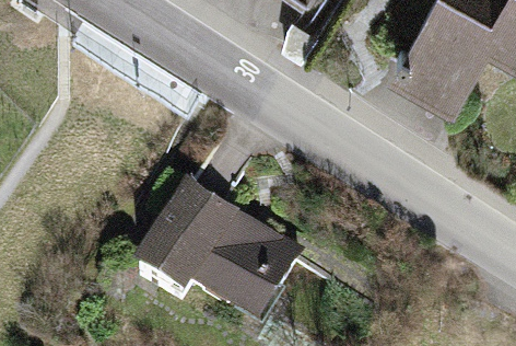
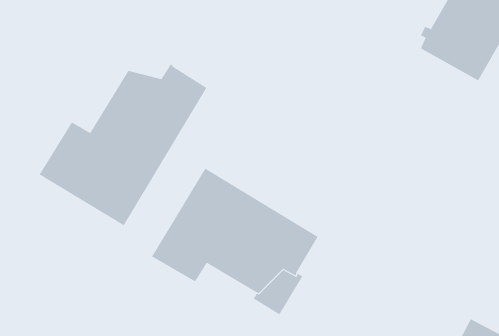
building: none -> [39,63,207,226]

